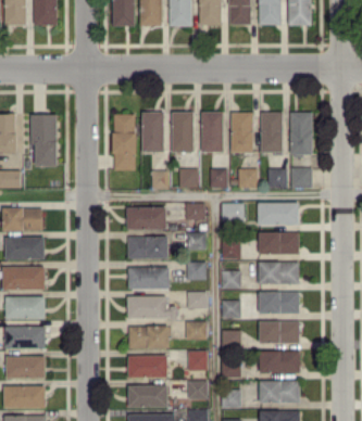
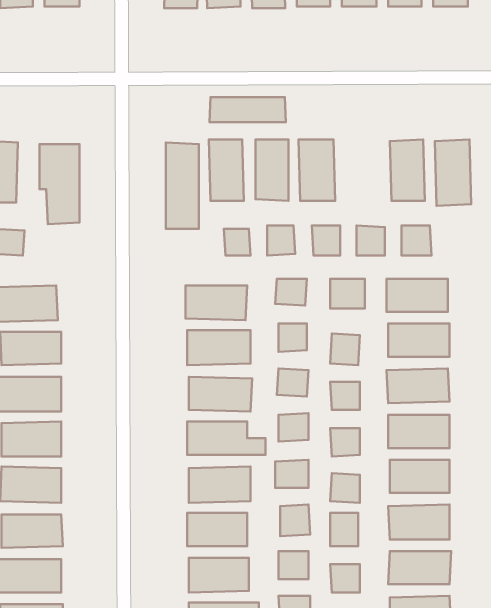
building: none -> [209,97,286,122]
building: [230,113,253,153] -> none
building: [290,167,312,188] -> none

